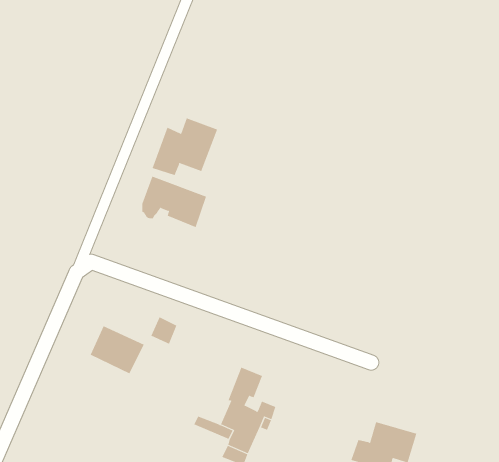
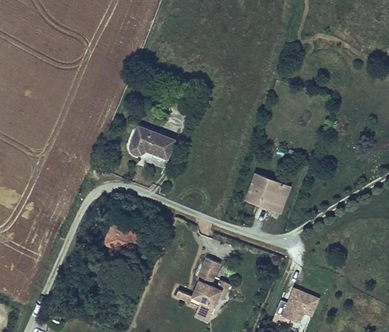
building: [152,118,218,176] -> none
building: none -> [248,177,291,216]

